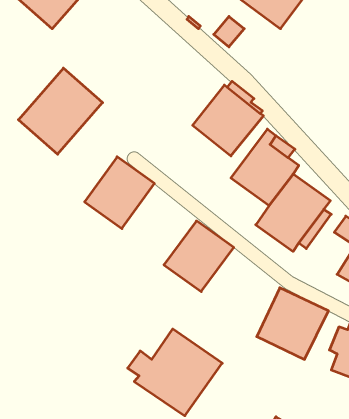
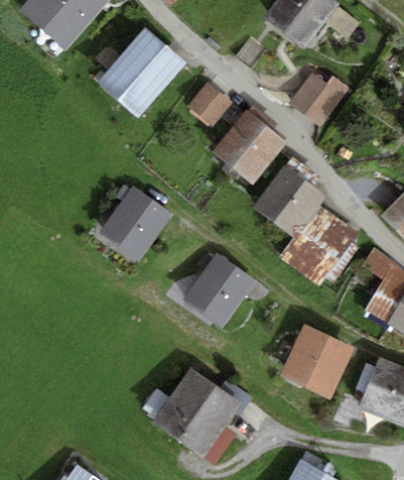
building: none -> [288,73,351,128]
building: none -> [187,83,233,127]
building: [18,68,103,154] -> [97,27,185,118]

